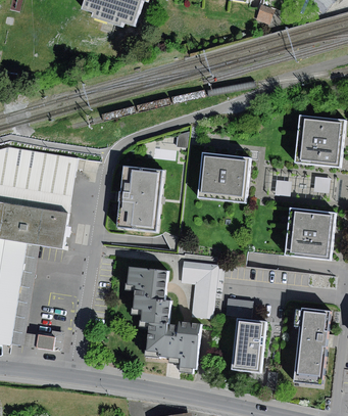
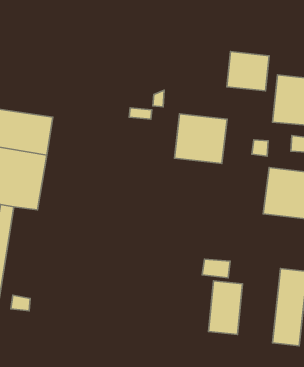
building: none -> [227,52,269,91]
building: [117,165,163,230] -> none
building: [181,261,217,317] -> none
building: [125,265,199,367] -> none

